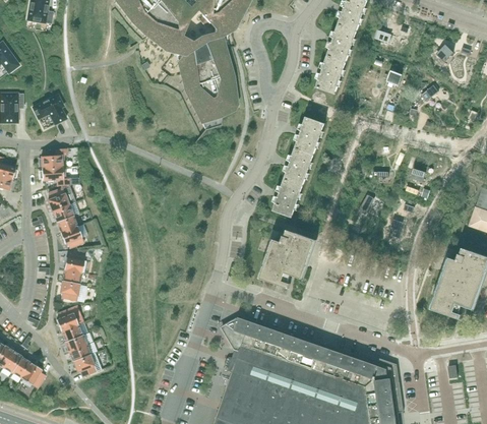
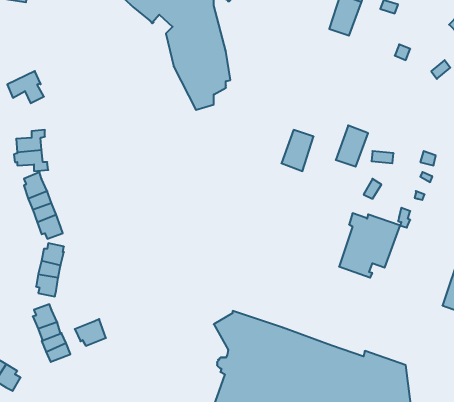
building: [315,56,345,94] -> none
building: [294,117,323,155] -> [336,125,368,167]
building: [272,179,302,217] -> none
building: [259,229,315,288] -> [339,213,400,278]
building: [71,352,100,376] -> [75,319,106,346]

